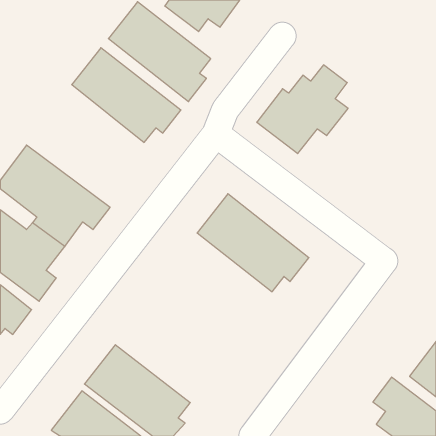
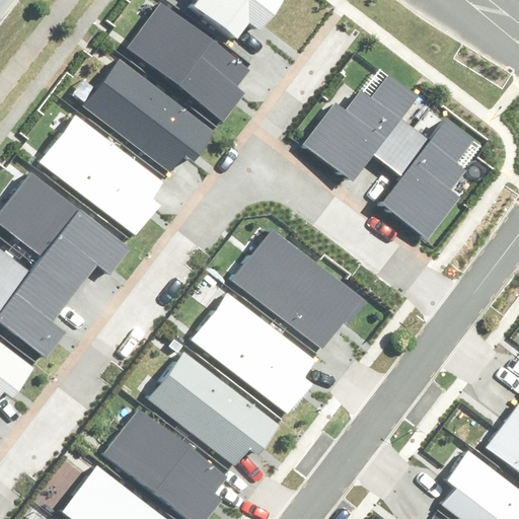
building: none -> [42,114,163,232]
building: none -> [378,122,472,237]
building: none -> [191,293,316,415]
building: none -> [147,350,280,465]

